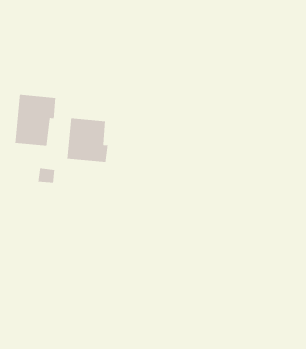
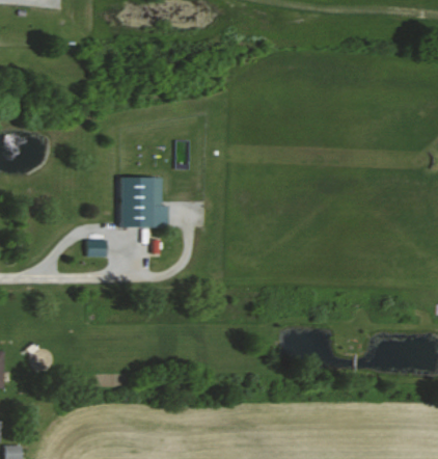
building: [14,94,56,147] -> none

